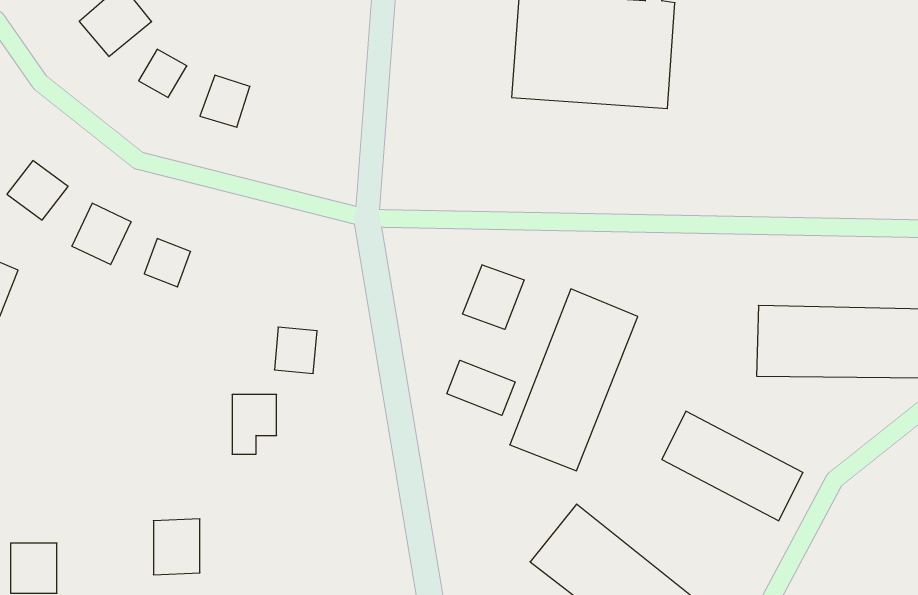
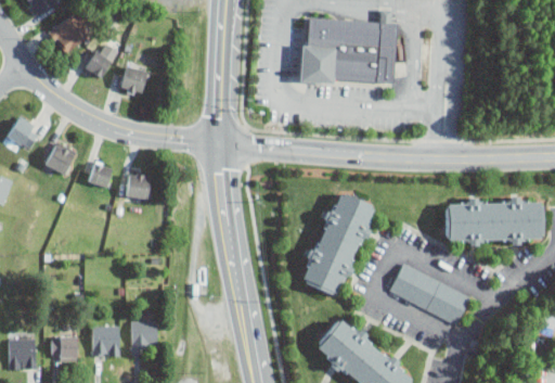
building: [463,265,524,329] -> none
building: [274,327,317,373] -> [126,174,151,201]
building: [447,360,515,415] -> none
building: [232,395,277,454] -> [131,321,157,356]
building: none -> [51,336,77,361]

